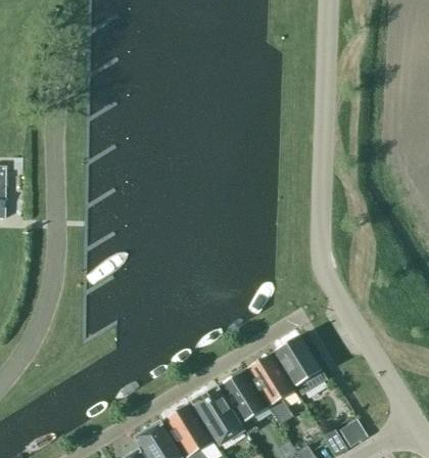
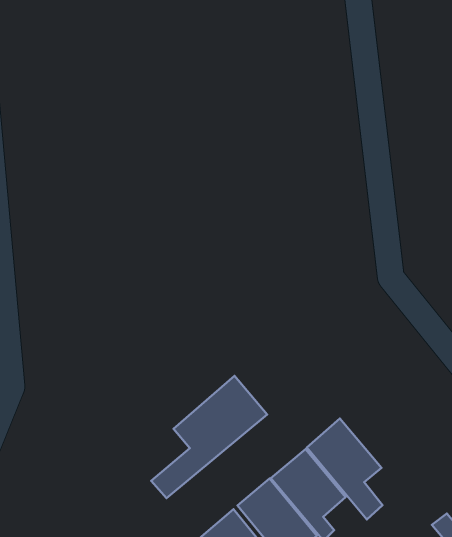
building: none -> [151,376,267,498]
building: [275,336,327,396] -> none

